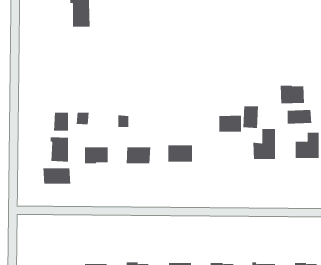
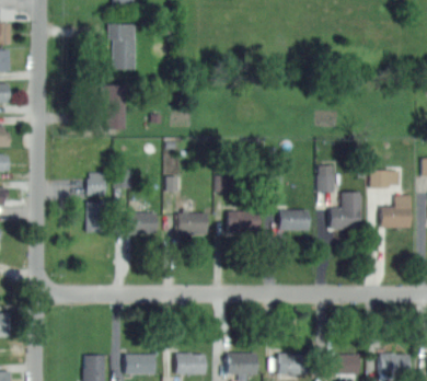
building: none -> [99,84,128,129]
building: [280,85,304,104] -> none
building: [218,115,242,132] -> [278,210,307,231]
building: [43,167,71,184] -> none

